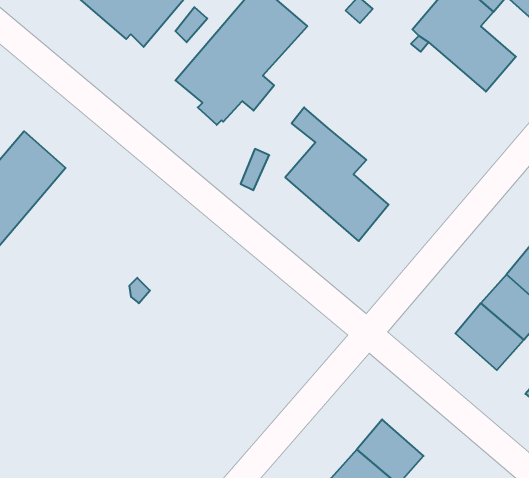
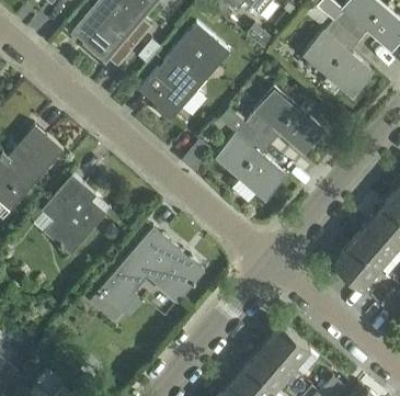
building: none -> [244,88,324,156]
building: none -> [42,174,106,254]
building: none -> [89,227,205,314]

